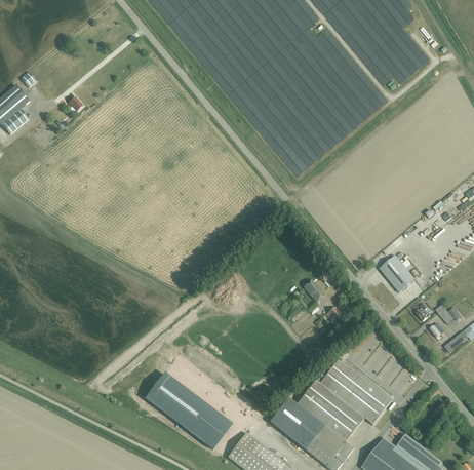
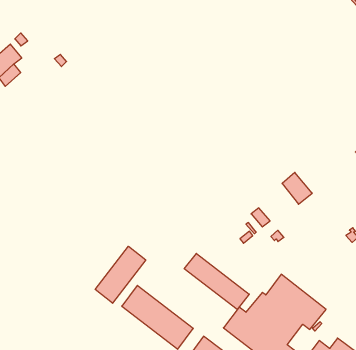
building: [378,256,413,293] -> [282,172,312,204]
building: none -> [95,246,146,303]
building: none -> [184,253,249,309]

